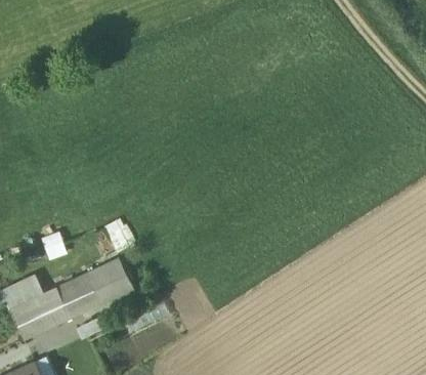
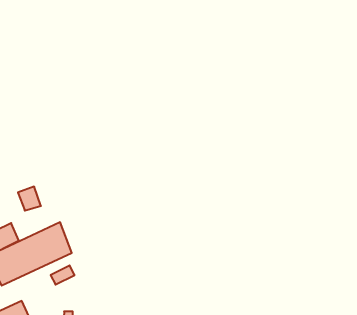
building: [86,257,132,306] -> none

